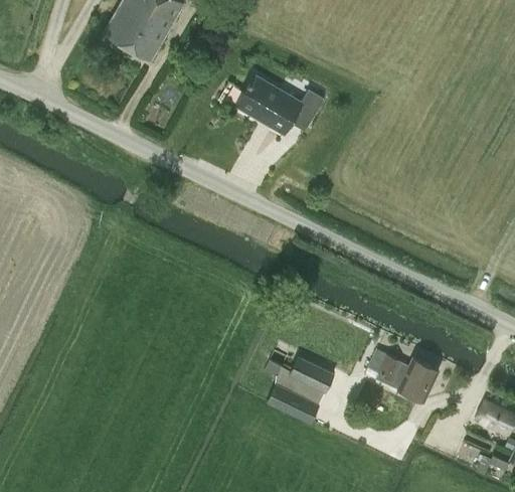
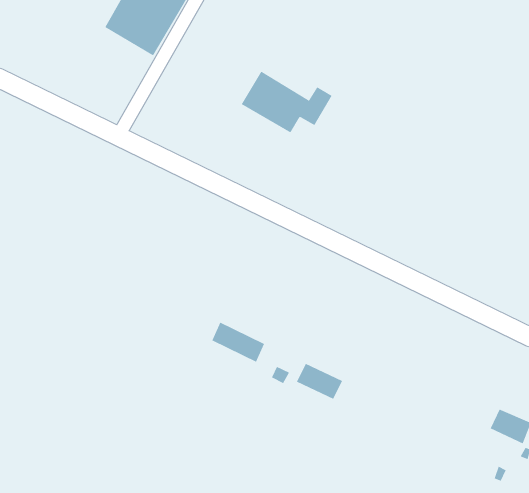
building: [368,349,440,400] -> none
building: [268,383,319,423] -> [212,322,265,363]

